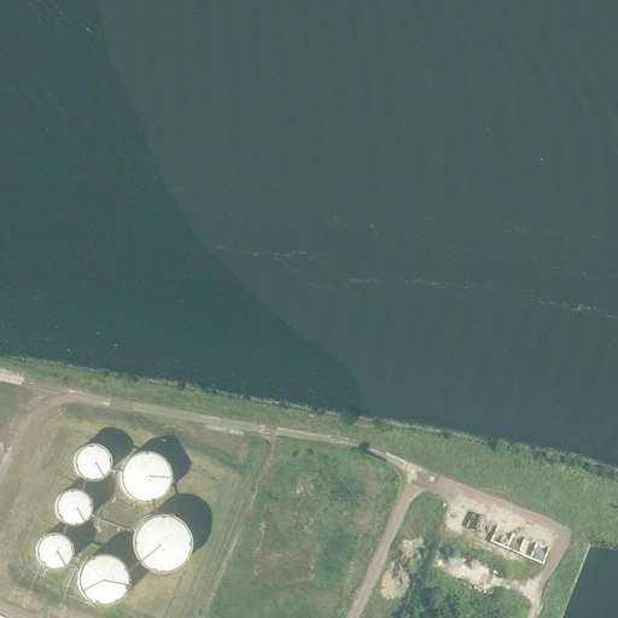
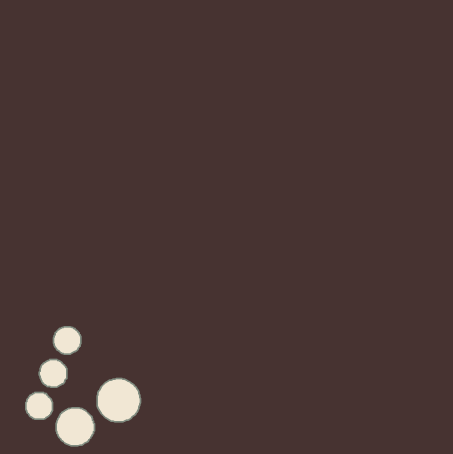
building: [121,450,173,502] -> none

